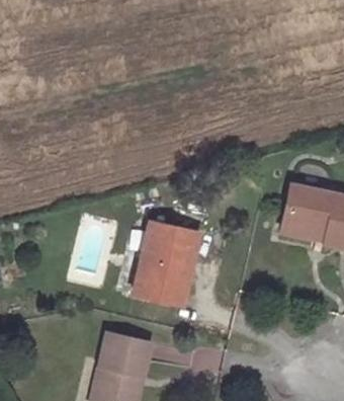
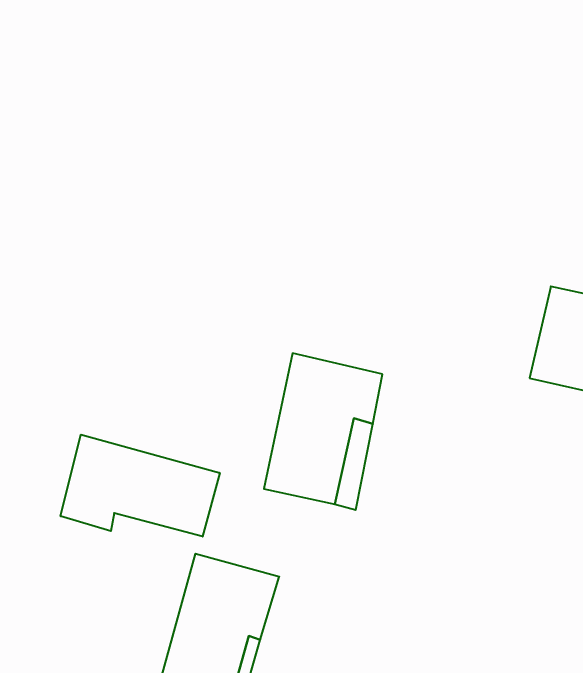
building: none -> [61,435,220,537]

